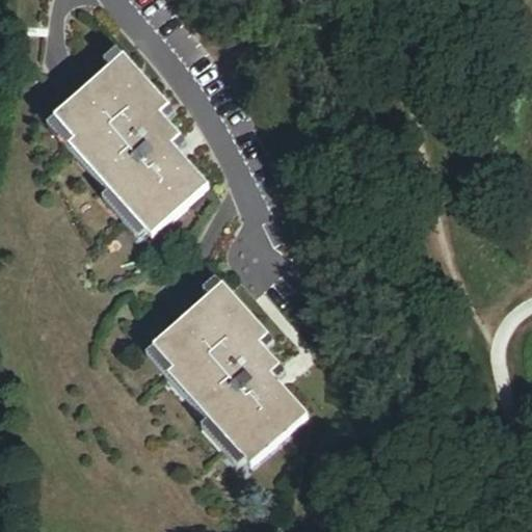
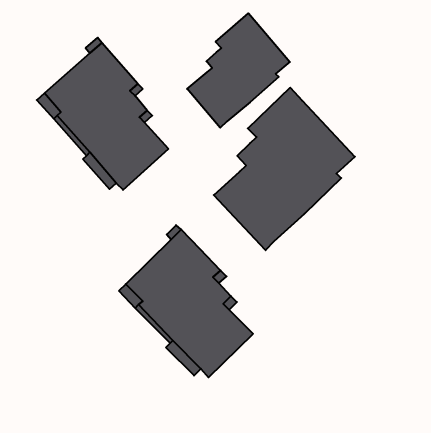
building: none -> [187,13,290,128]
building: none -> [214,88,355,250]

